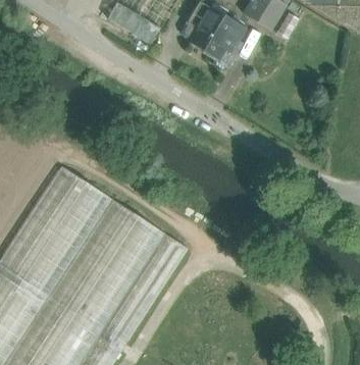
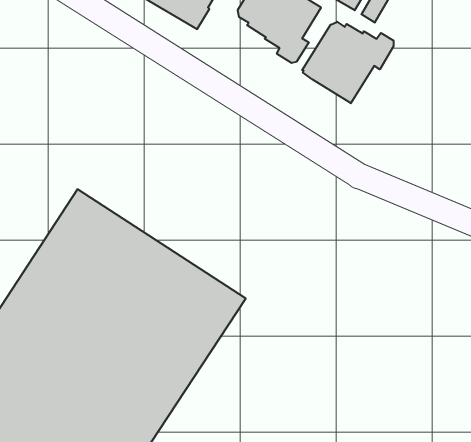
building: none -> [302,22,394,103]

